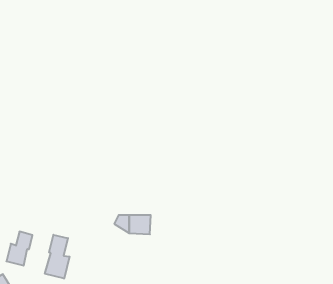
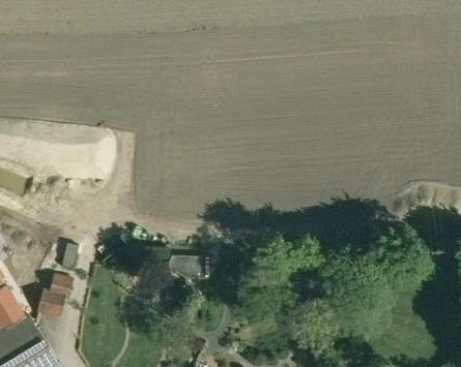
building: [45,235,70,279] -> none

